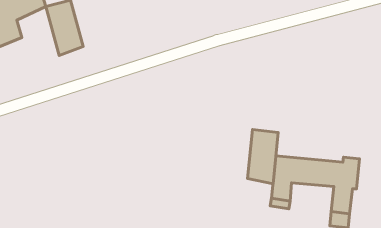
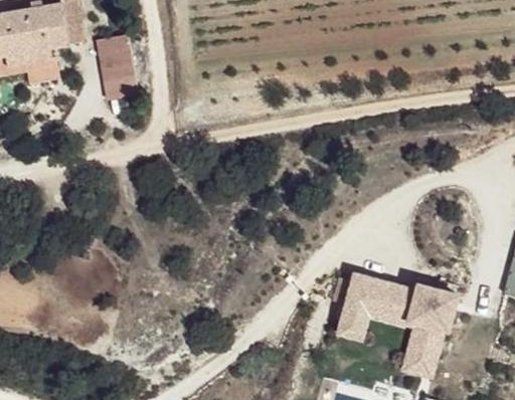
building: [247,130,278,184] -> none

